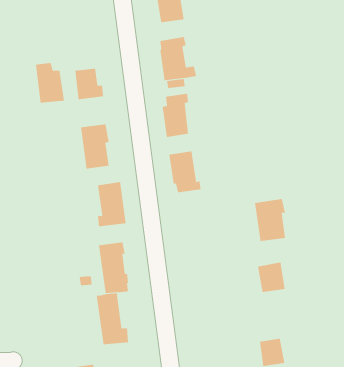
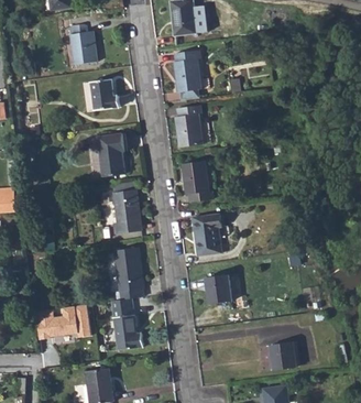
building: [35,62,65,103] -> [69,24,98,64]
building: [254,198,286,242] -> [193,213,223,254]
building: [257,262,286,293] -> [206,273,233,303]
building: none -> [34,304,88,339]

